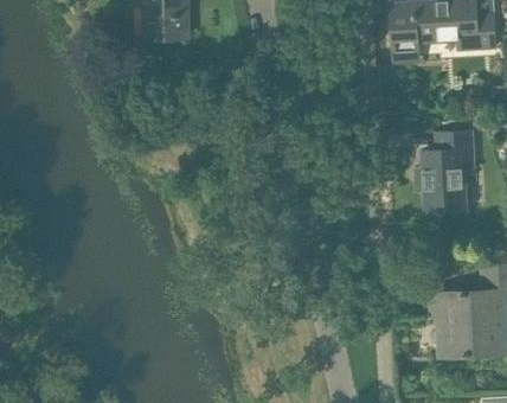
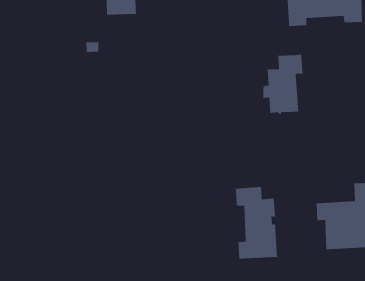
building: [415,130,470,213] -> [263,54,304,115]
building: none -> [231,186,278,260]

